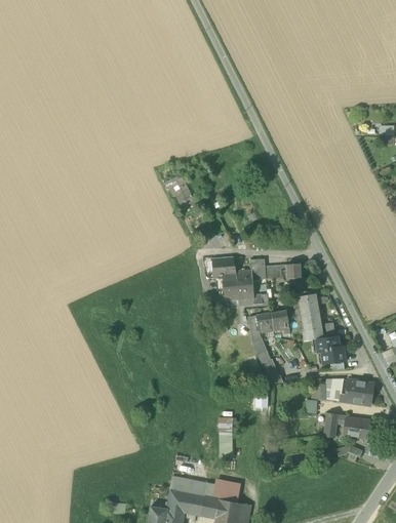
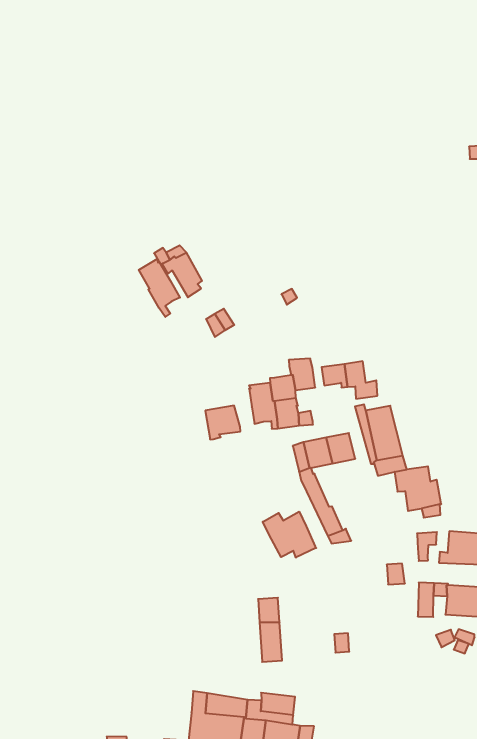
building: none -> [139,259,180,317]
building: [214,256,237,278] -> [205,406,240,439]
building: none -> [263,512,316,558]

